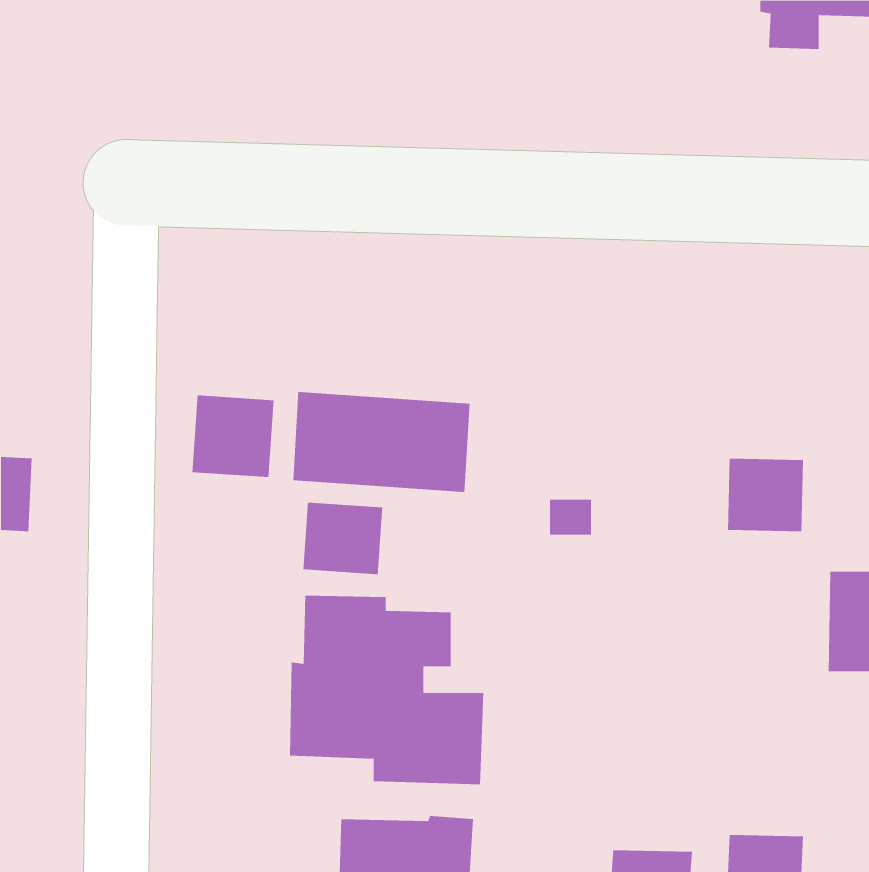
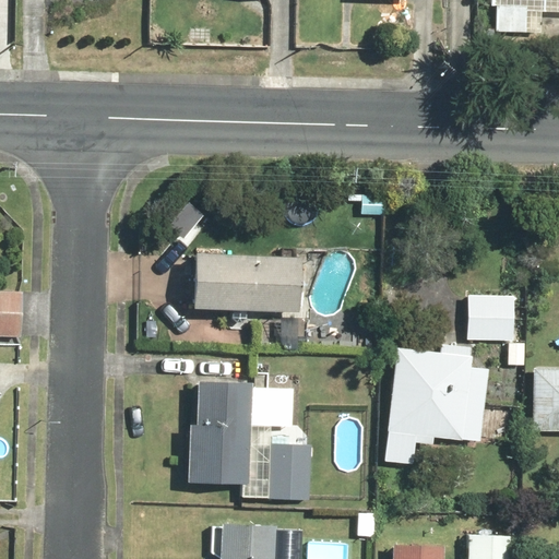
building: [192,395,274,478] -> none
building: [303,502,383,575] -> none
building: none -> [386,346,489,465]

